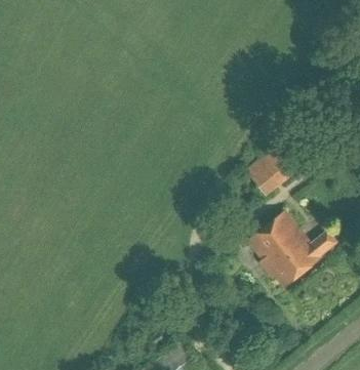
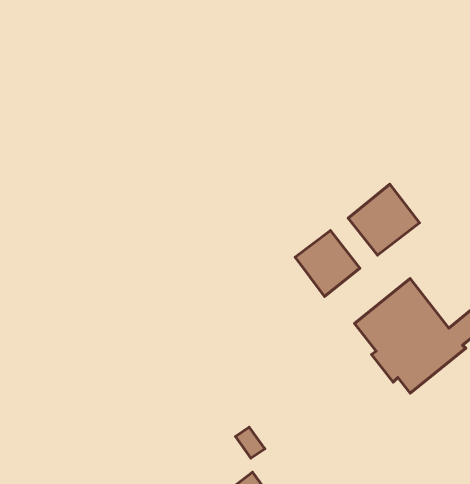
building: none -> [295,230,360,297]

